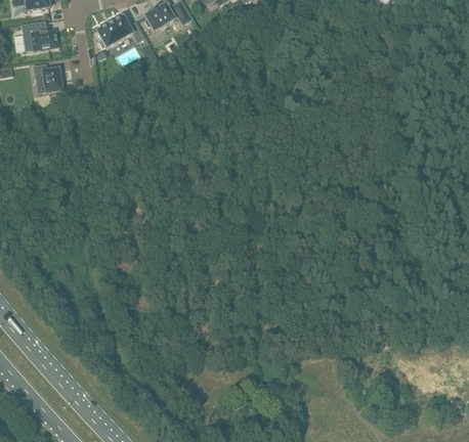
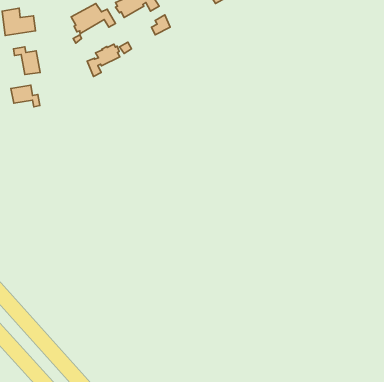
building: none -> [87,44,120,76]
building: none -> [11,85,40,107]

